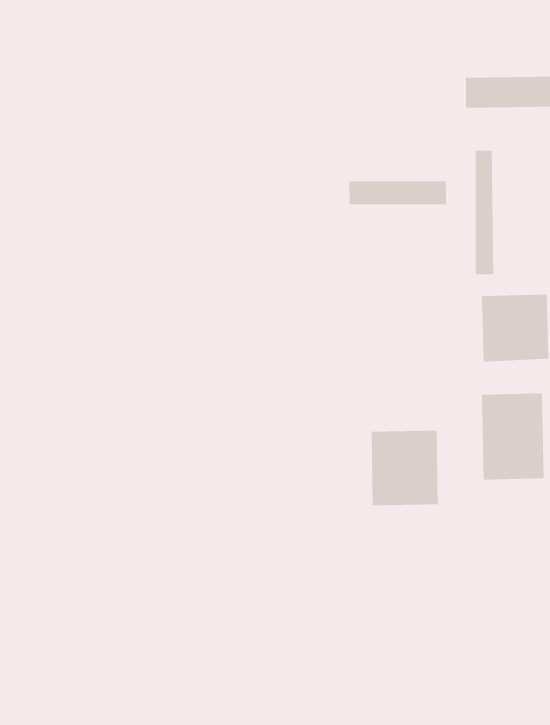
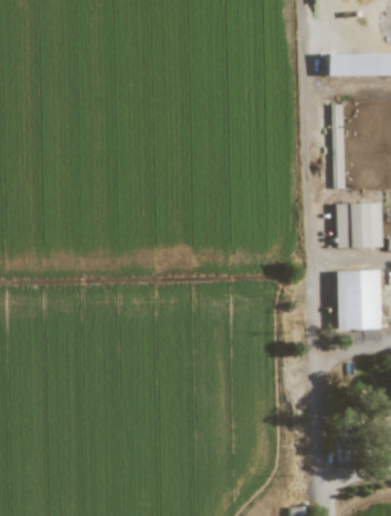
building: [349,181,446,205] -> none
building: [371,430,438,506] -> none

